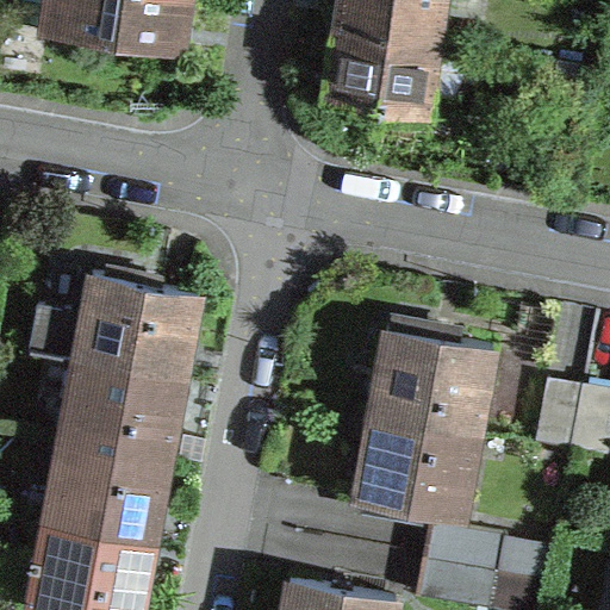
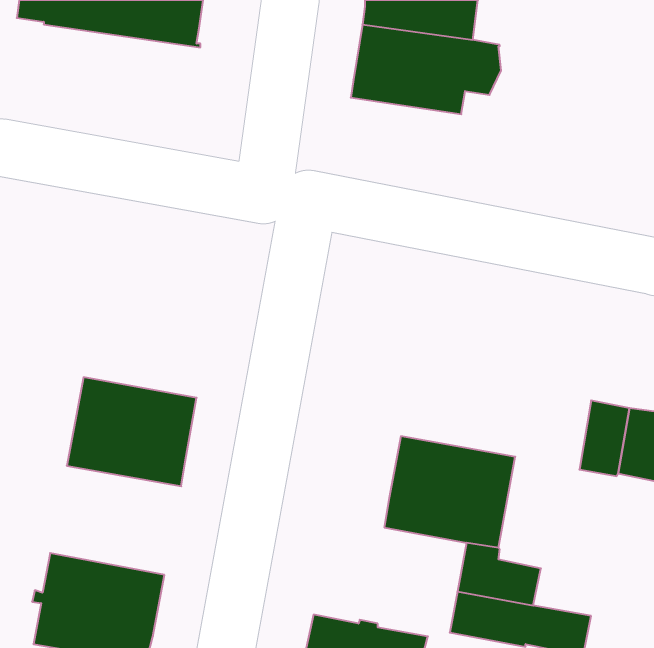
building: [32,270,200,376] -> none
building: [374,328,496,431] -> none
building: [49,440,170,541] -> none

